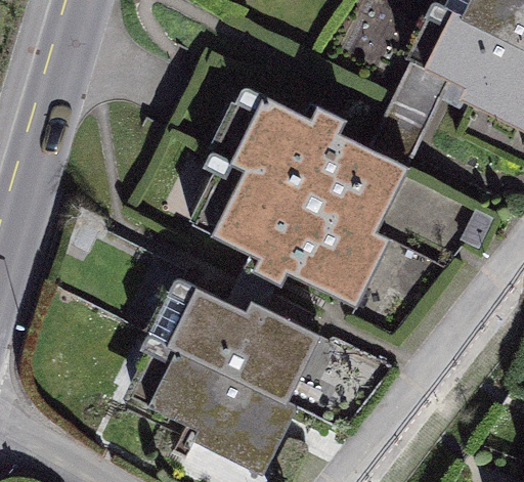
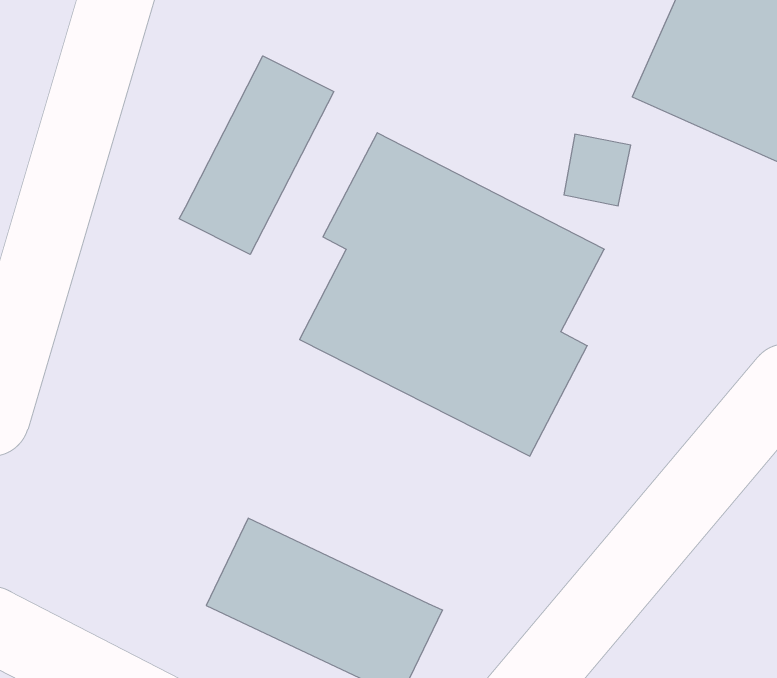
building: none -> [179,56,334,254]
building: [154,282,328,408] -> none

